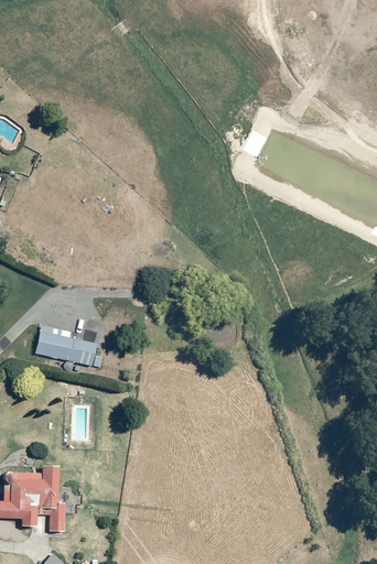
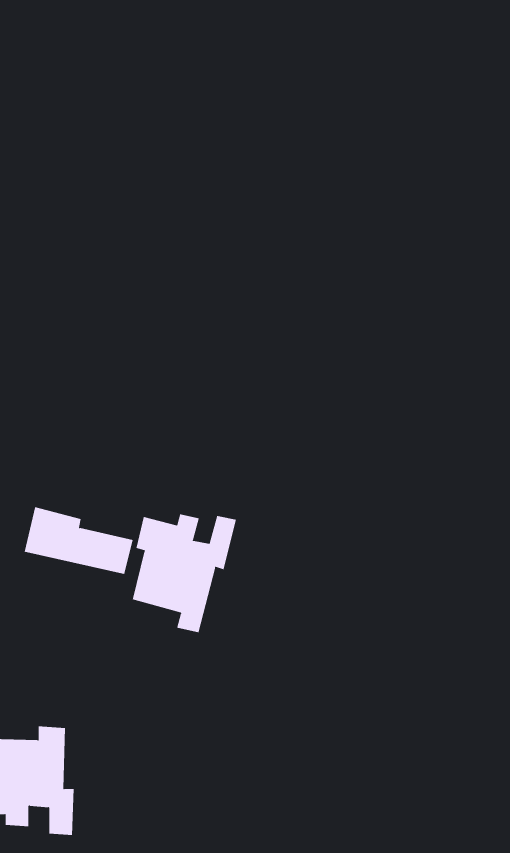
building: none -> [132,514,236,633]

